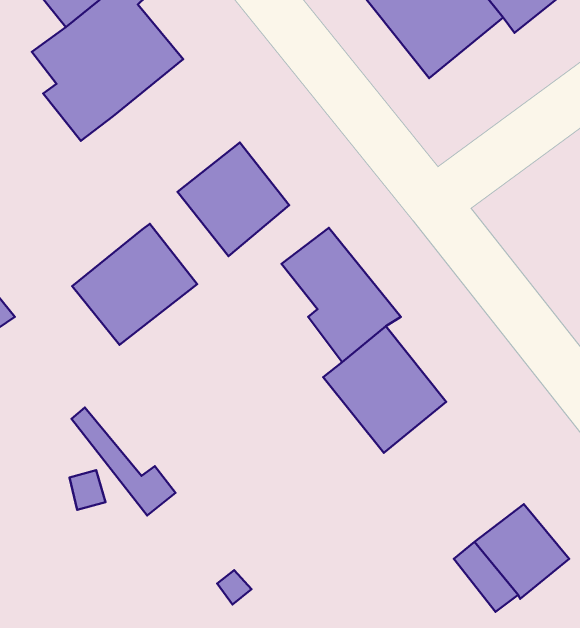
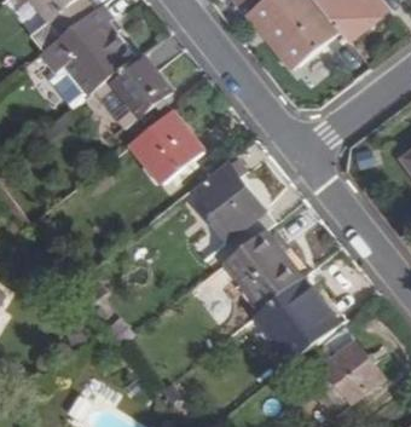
building: [72,224,197,345] -> [91,54,170,132]
building: none -> [256,277,341,362]

